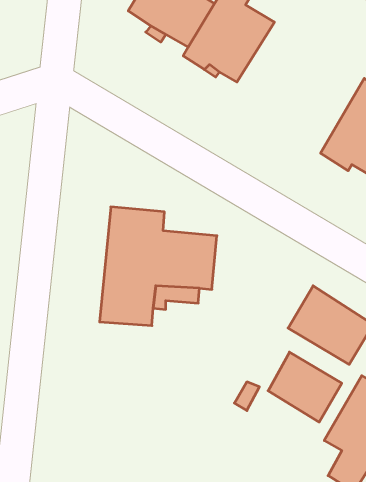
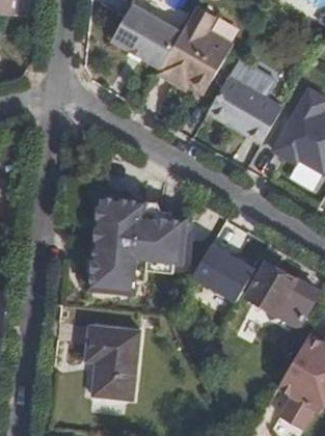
building: none -> [206,57,281,143]
building: [268,352,342,422] -> [192,243,253,301]
building: none -> [85,326,140,401]

